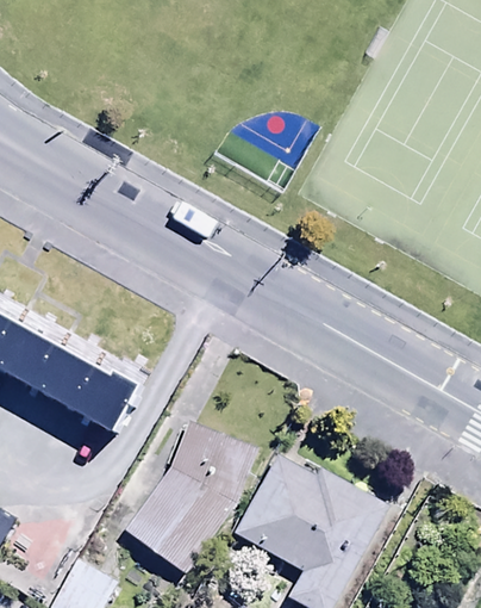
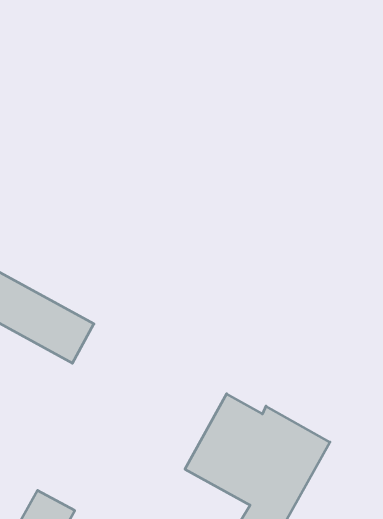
building: [125,422,254,575] -> none

